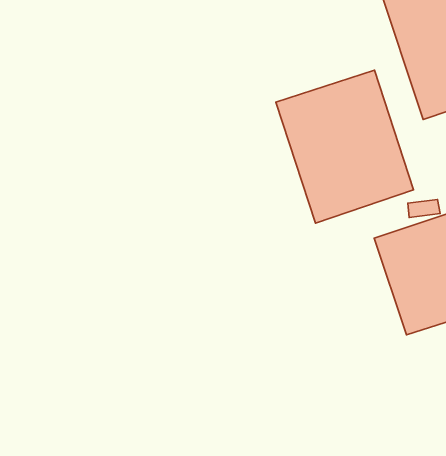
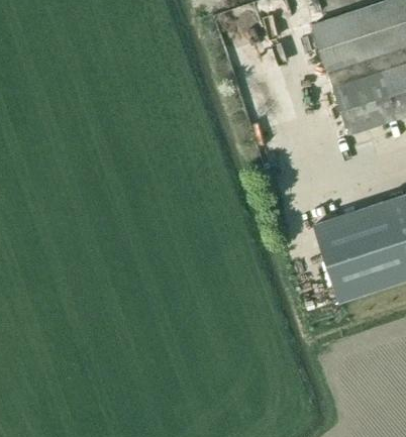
building: [276,70,413,223] -> none

